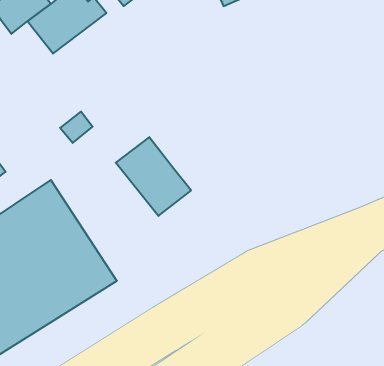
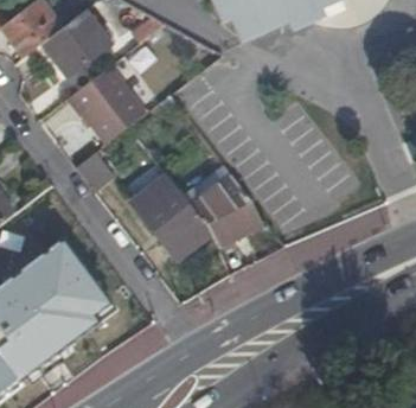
building: none -> [64,62,143,139]
building: none -> [190,173,257,244]

